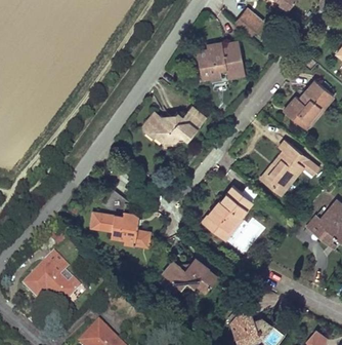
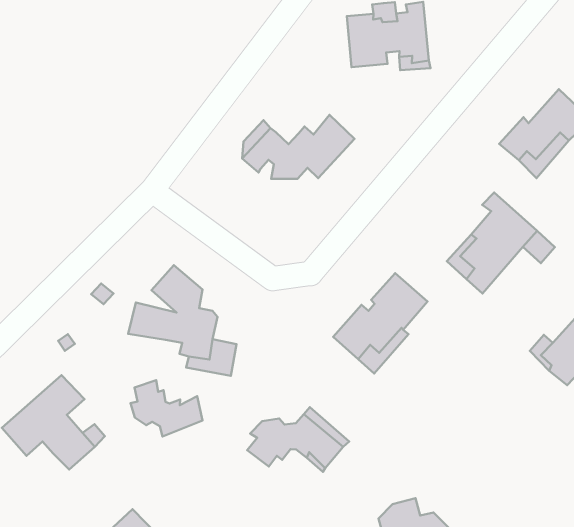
building: none -> [131,380,203,436]

